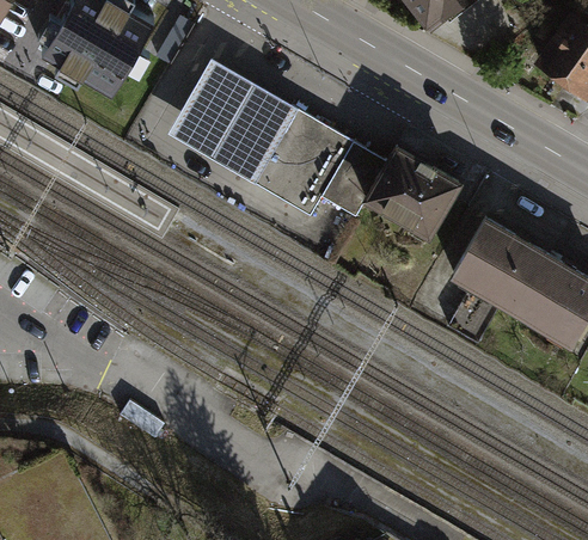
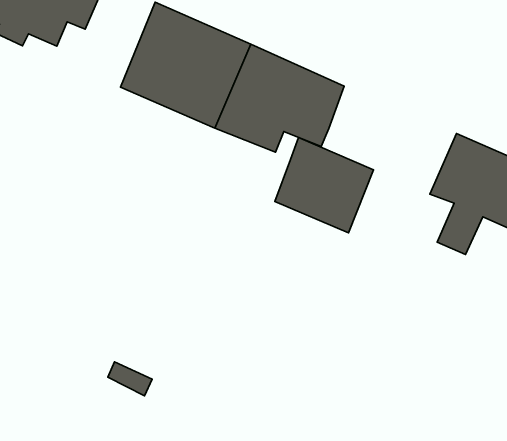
building: [366,142,466,241] -> [275,138,374,233]

